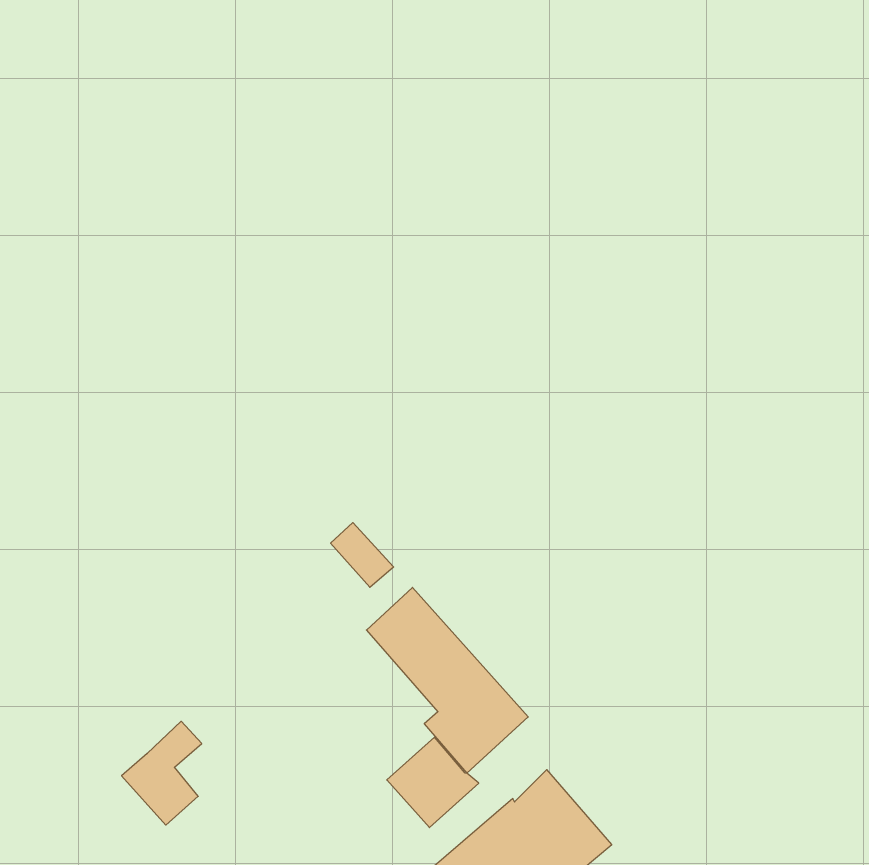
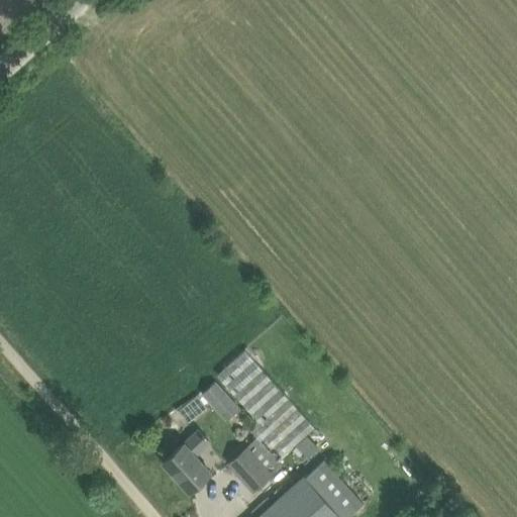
building: [331,523,394,587] -> [202,383,239,421]
building: [122,721,202,825] -> [163,431,210,493]

